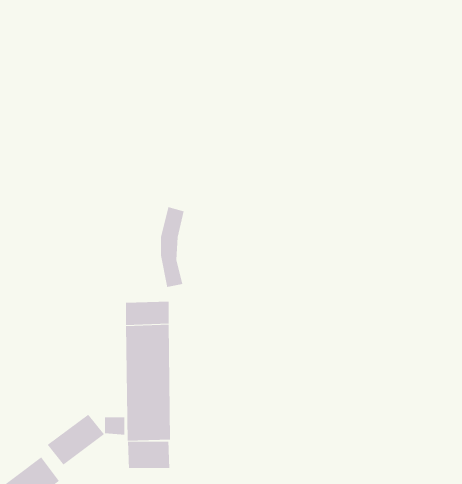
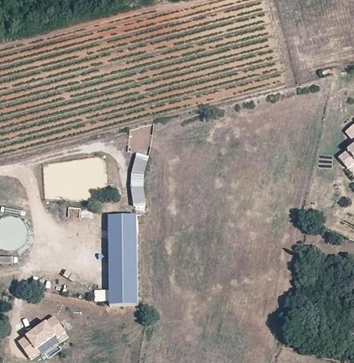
building: [47,414,105,465] -> none
building: [127,441,170,469] -> none

